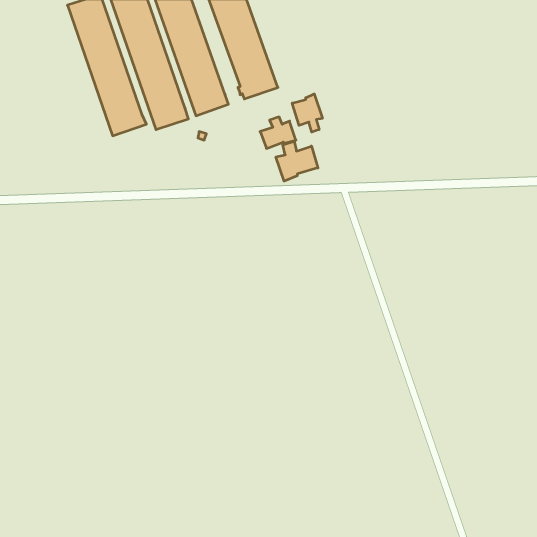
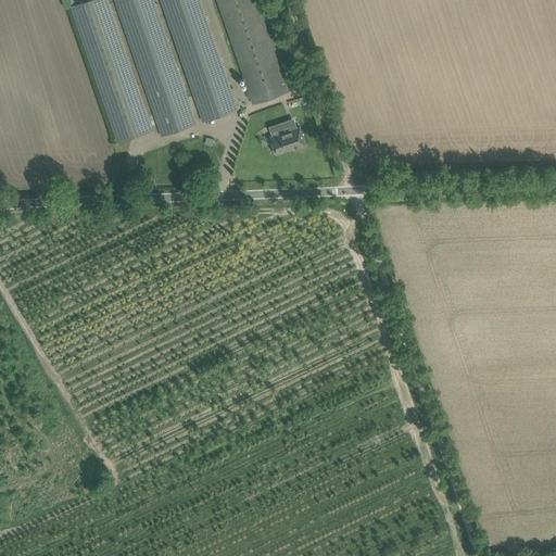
building: [292,94,322,132] -> none
building: [276,141,318,181] -> none

